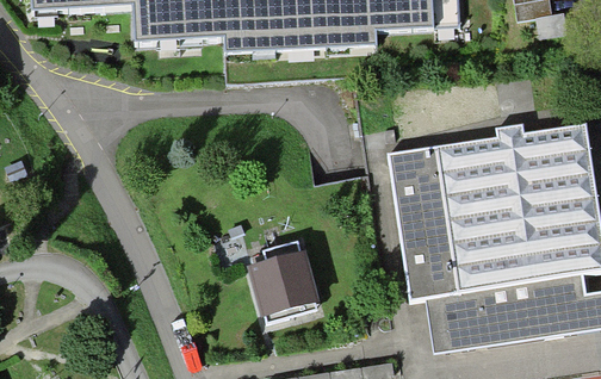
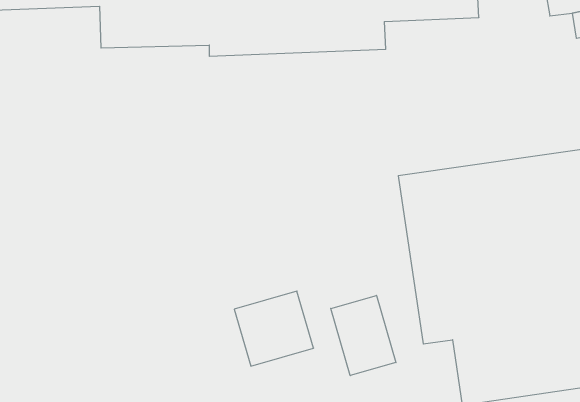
building: none -> [331,295,396,376]

